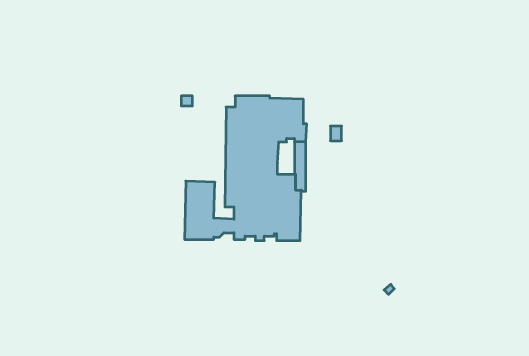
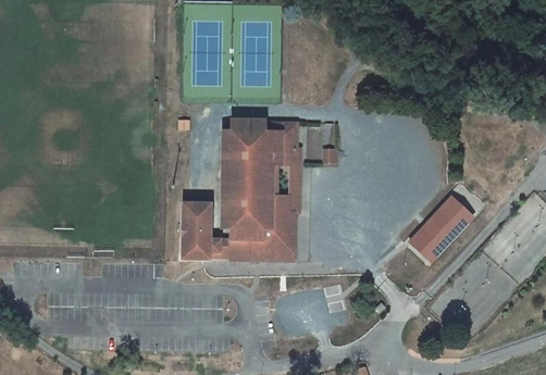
building: none -> [410,197,473,261]

